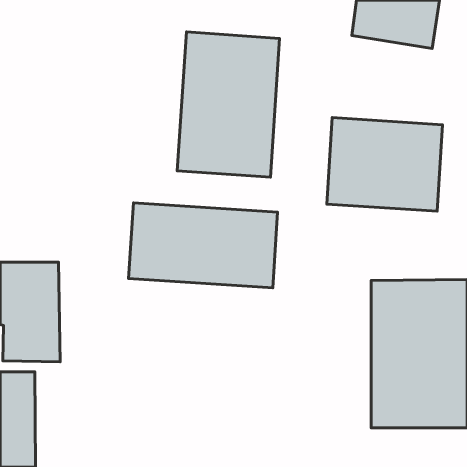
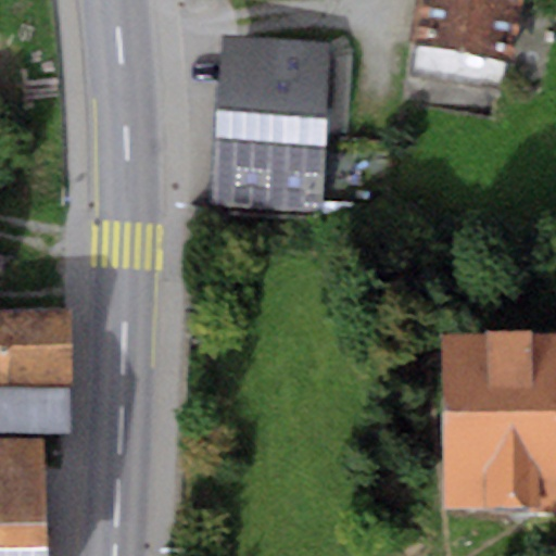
building: [327,118,443,211] -> none
building: [129,203,277,288] -> none

